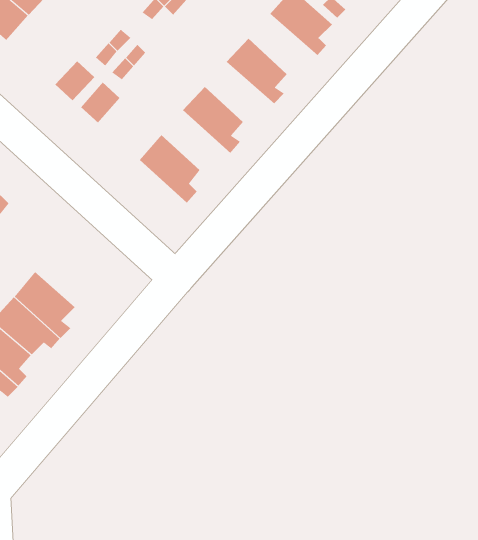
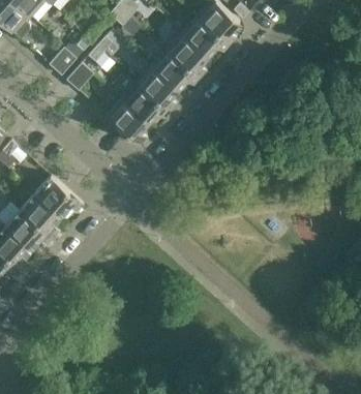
building: none -> [182,14,230,56]
building: none -> [152,48,200,89]
building: none -> [122,81,170,122]
building: none -> [35,175,84,216]

